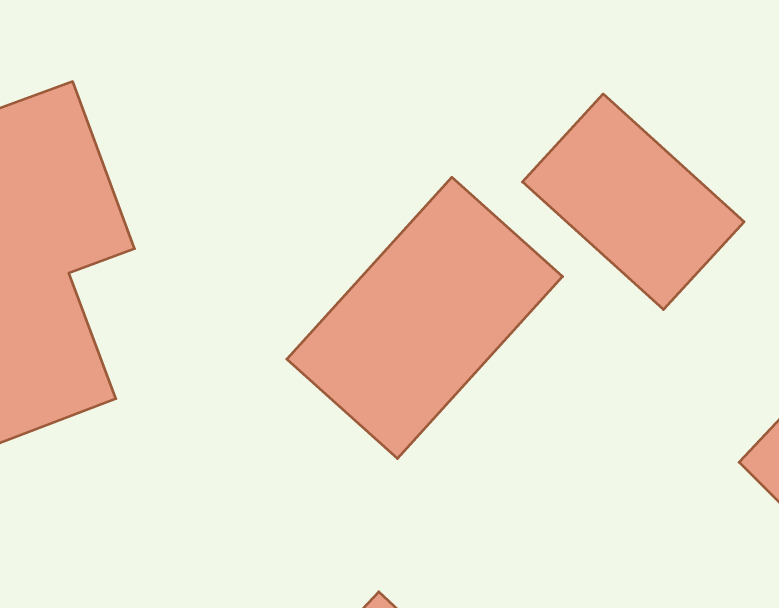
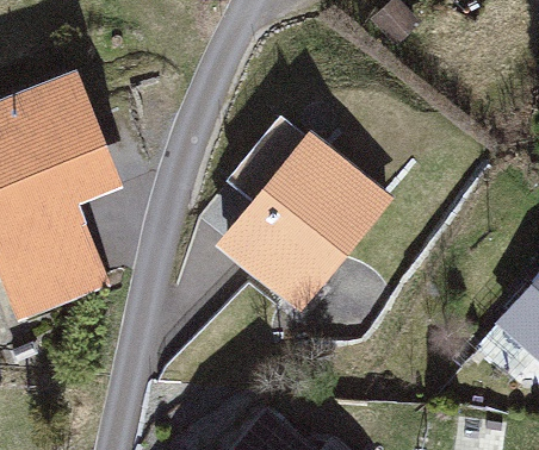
building: [522,94,744,310] -> none

